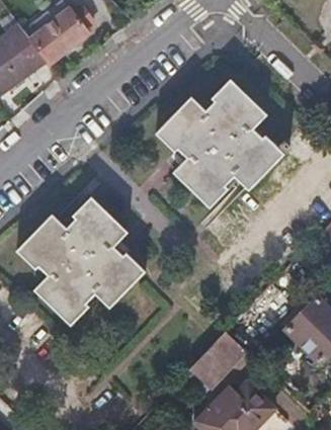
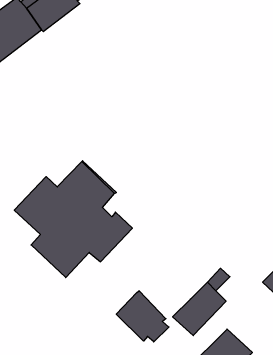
building: [157,81,284,209] -> none
building: none -> [116,291,169,342]

